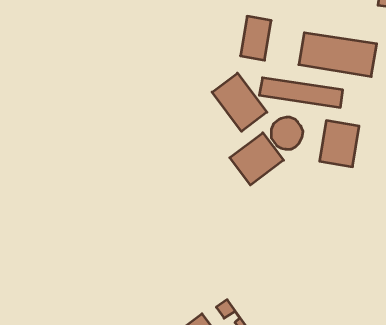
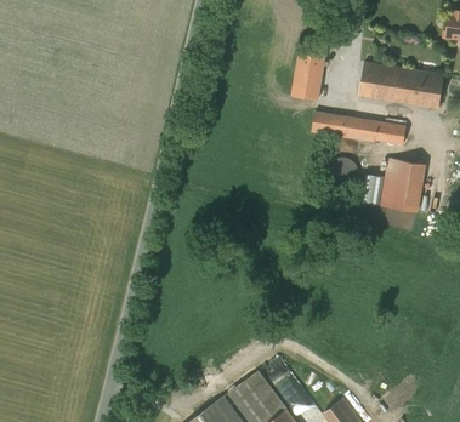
building: [212,73,267,131] -> none
building: [230,133,284,185] -> none

